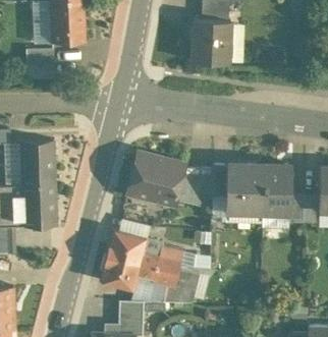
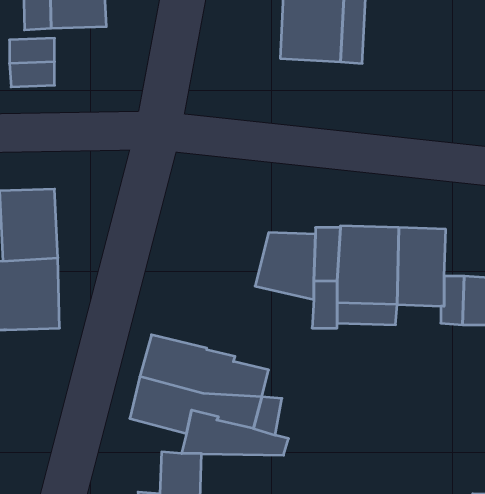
building: [126,151,185,205] -> none

